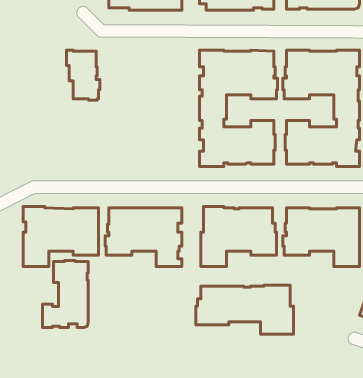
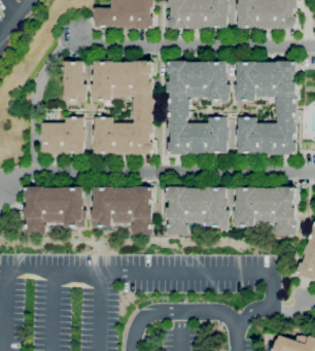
building: none -> [92,61,154,154]
building: none -> [40,117,85,154]
building: [42,260,88,327] -> none
building: [196,285,294,334] -> none

